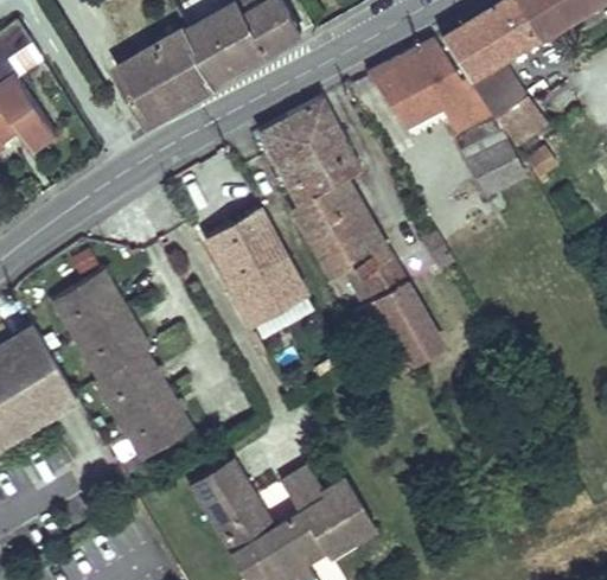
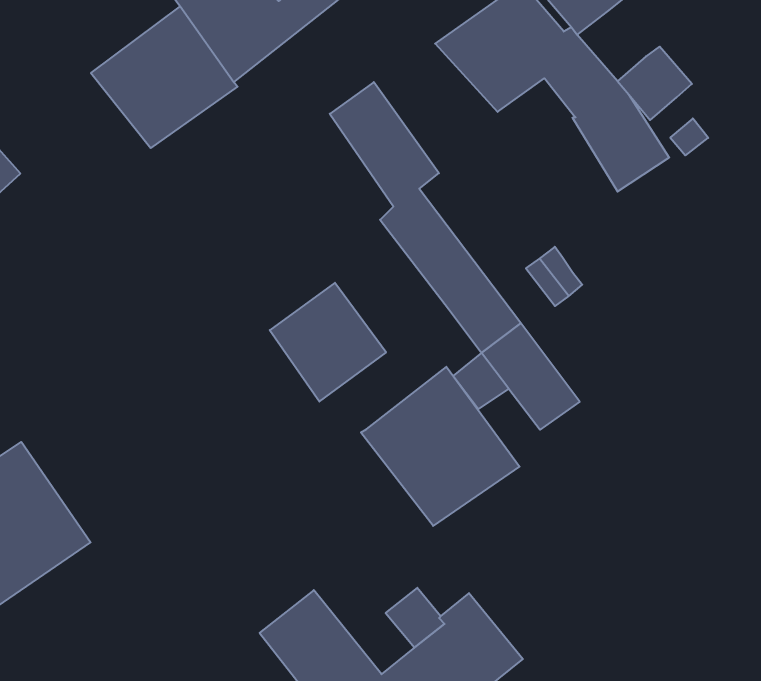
building: [471,66,518,117] -> none
building: [257,116,354,280] -> none
building: [207,210,275,267] -> none
building: [52,270,192,459] -> none
building: none -> [361,367,520,526]

